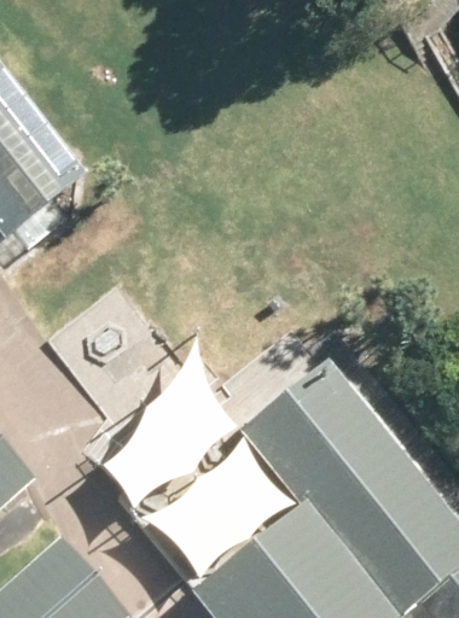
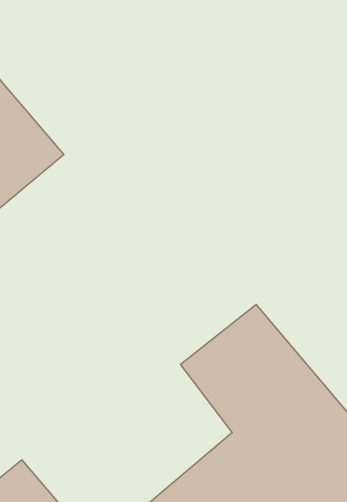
building: [100,334,233,506] -> none
building: [138,438,290,575] -> none

